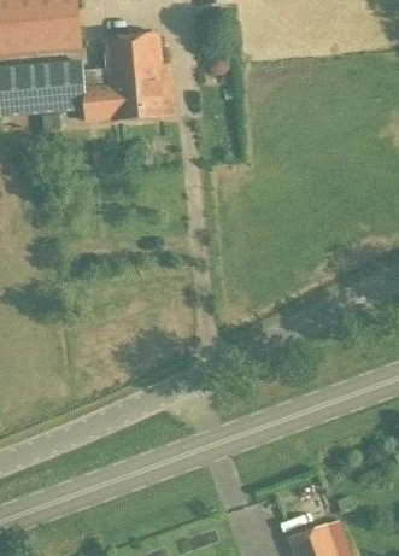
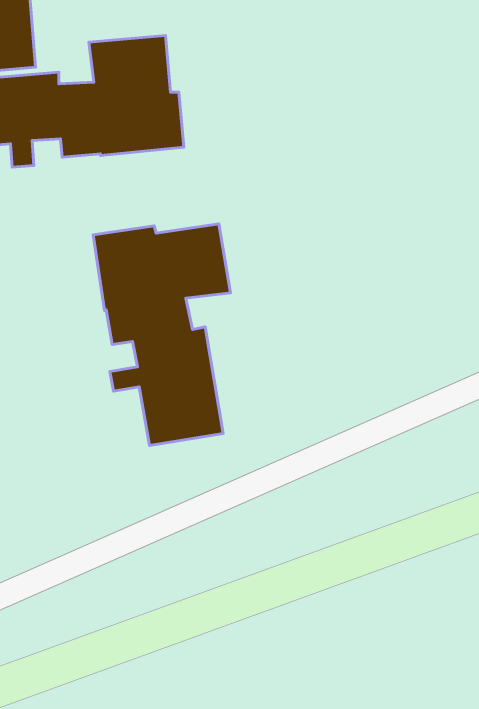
building: none -> [93,224,230,445]

